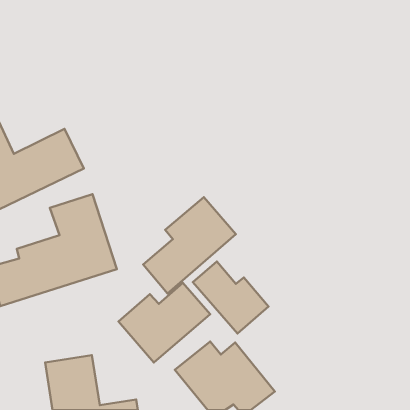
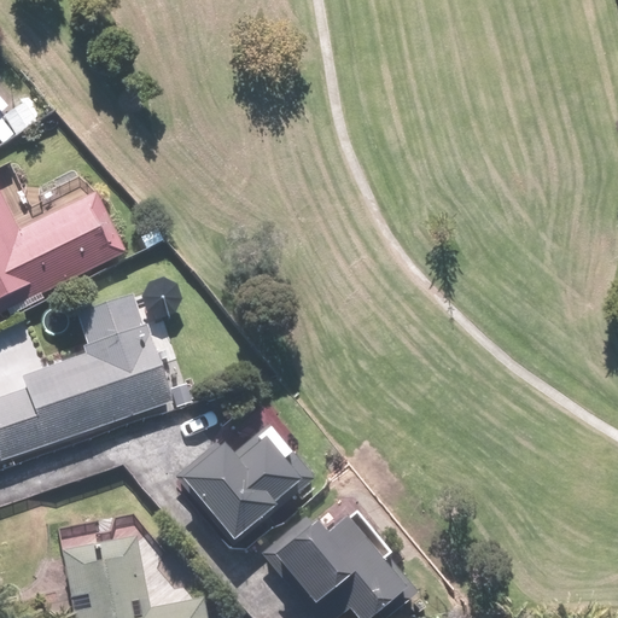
building: [143,197,236,293] -> none
building: [193,262,269,333] -> none

